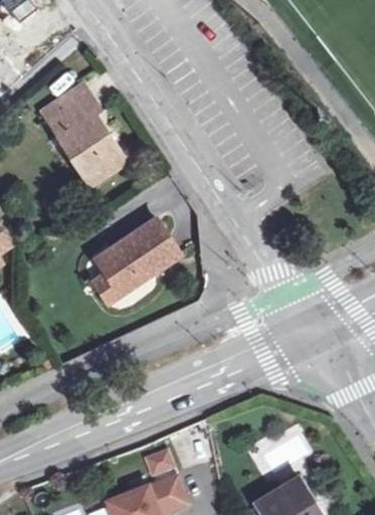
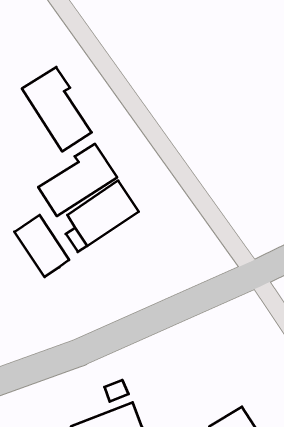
building: none -> [38,144,117,216]
building: none -> [14,215,69,277]

